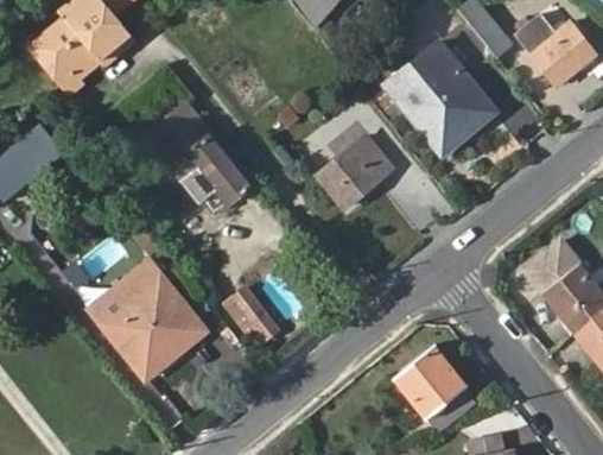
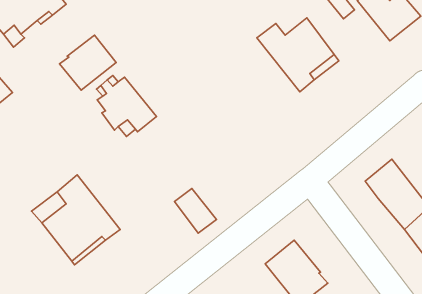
building: none -> [60,35,116,90]
building: [317,134,393,208] -> none
building: [226,286,280,345] -> [174,189,216,233]

